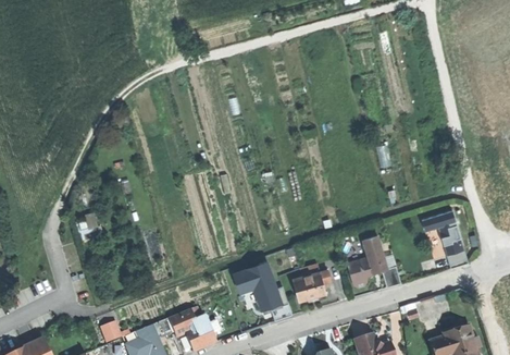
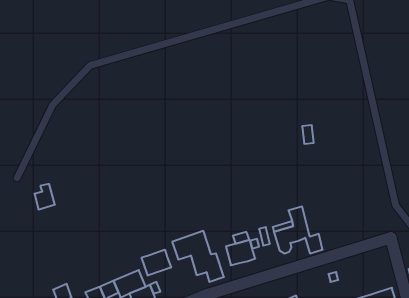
building: [420,208,468,267] -> none
building: none -> [142,250,171,276]

